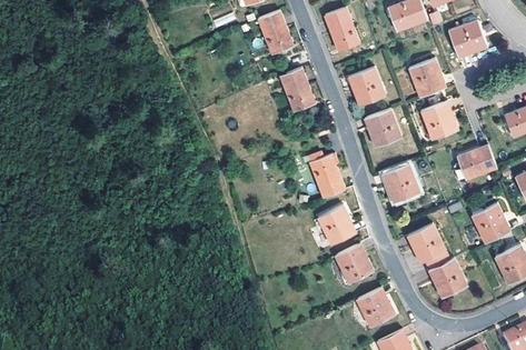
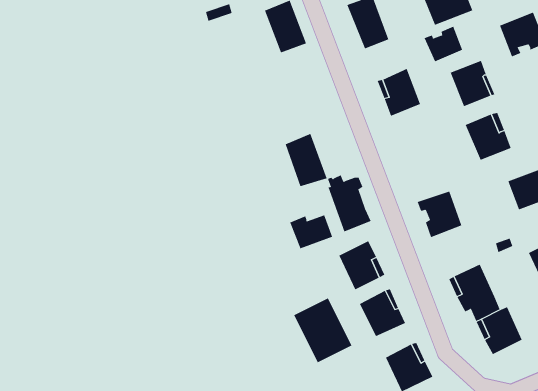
building: none -> [424,26,463,62]
building: [280,67,315,110] -> [285,133,327,187]
building: [365,108,400,146] -> none
building: none -> [289,214,333,249]
building: none -> [293,298,352,363]

